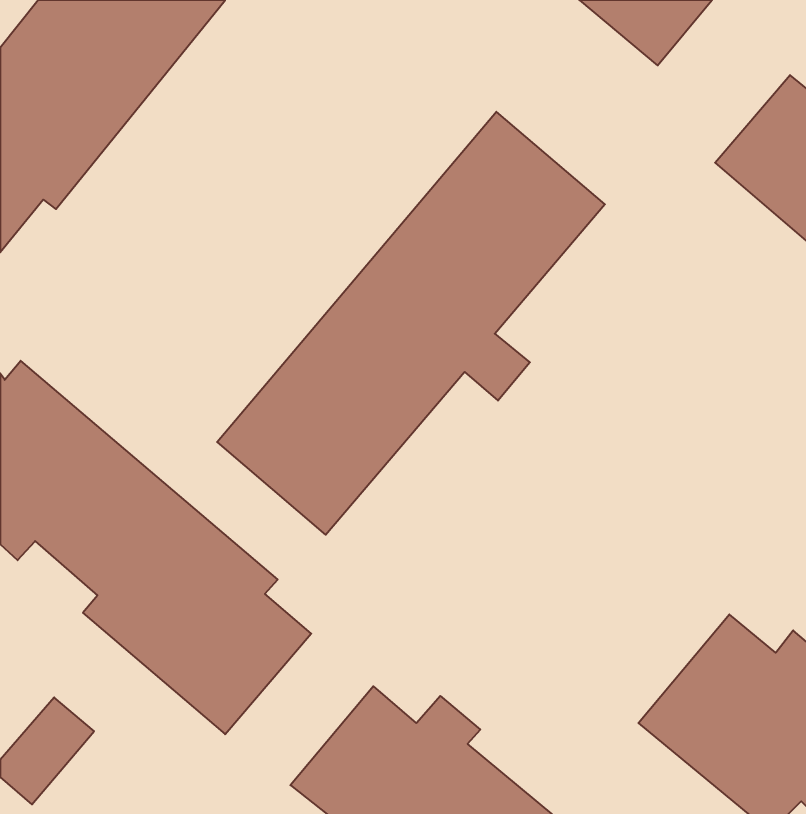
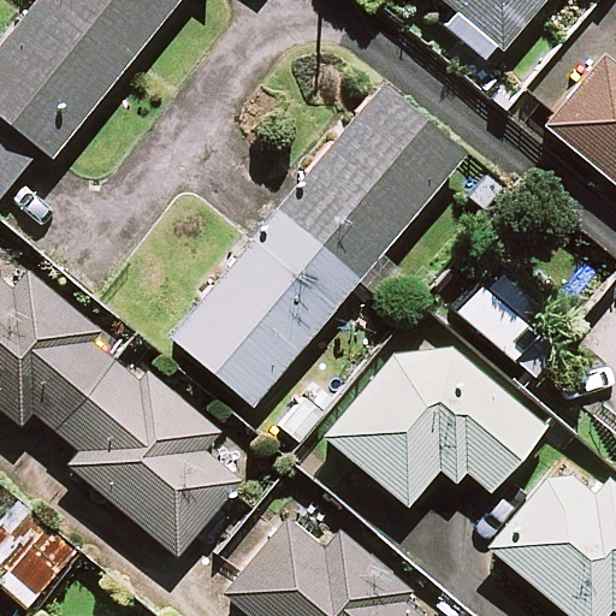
building: none -> [325,346,545,504]

